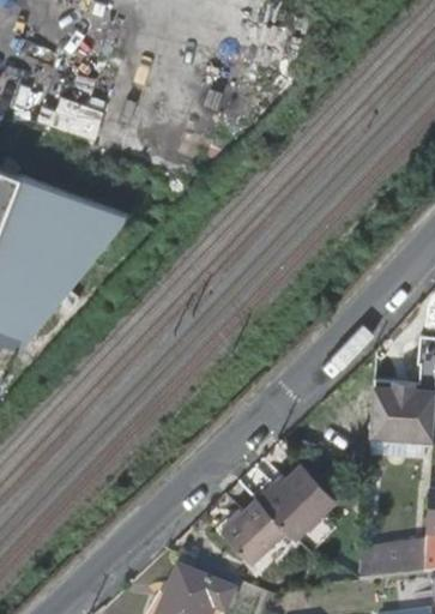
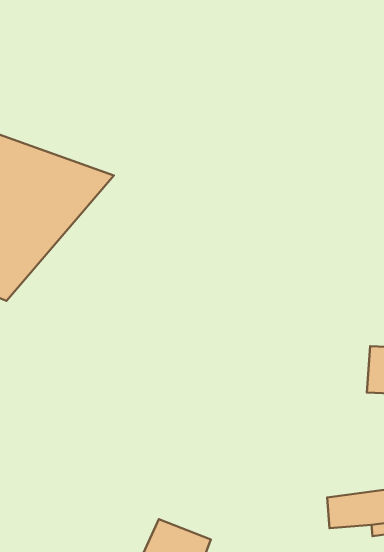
building: [370,386,403,437] -> none
building: [223,466,339,564] -> none

